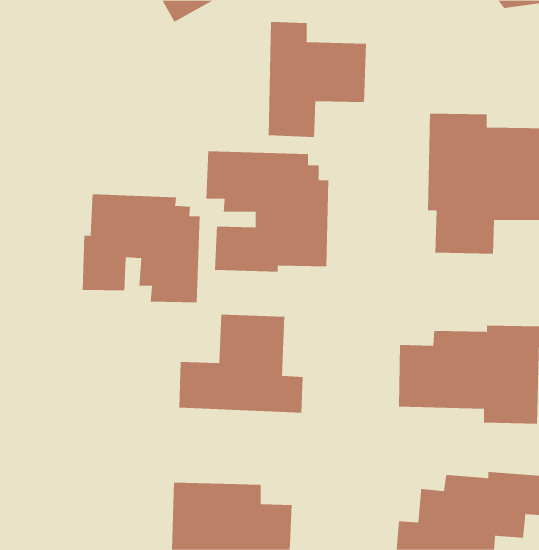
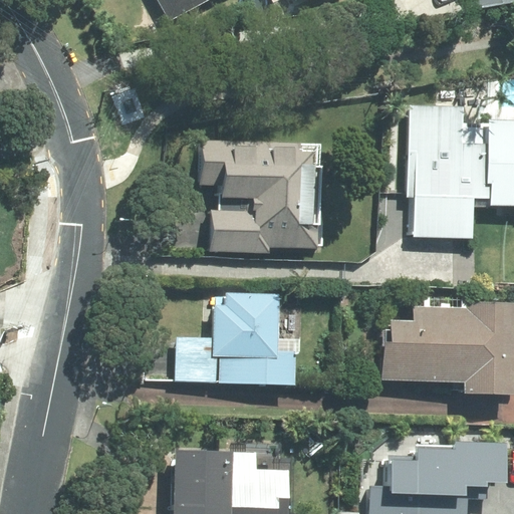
building: [268,21,366,138] -> none
building: [82,193,200,303] -> none

